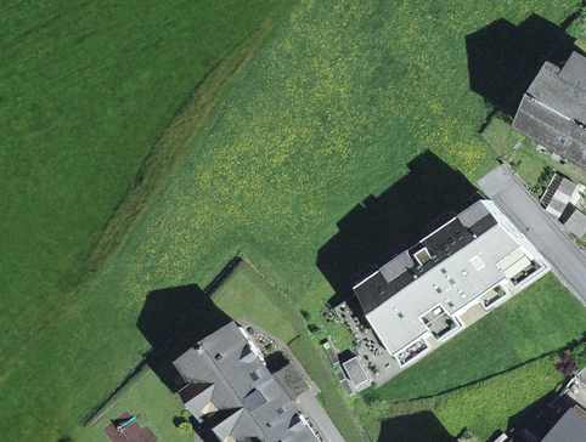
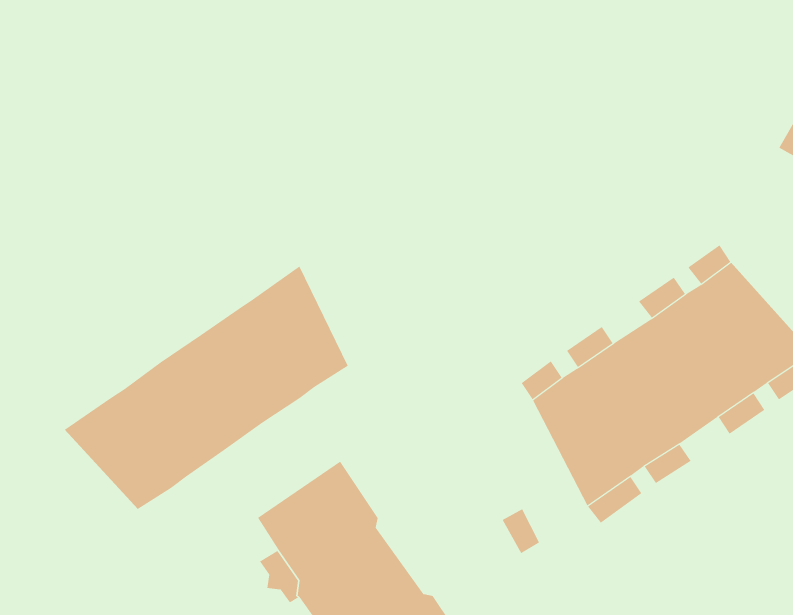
building: none -> [64,266,349,510]

